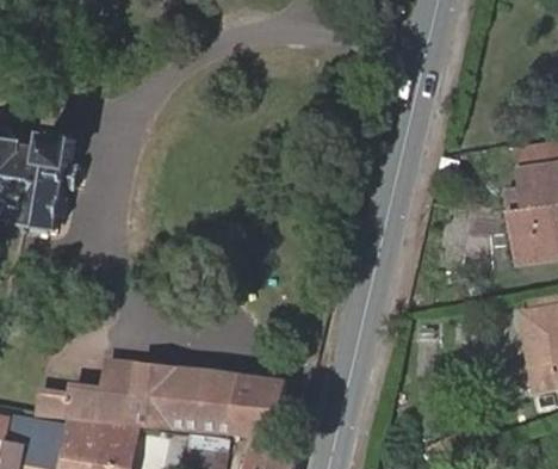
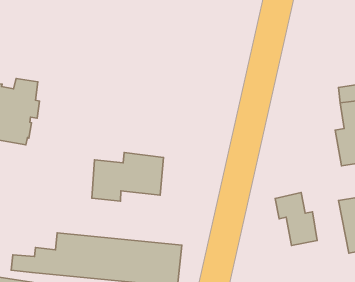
building: none -> [92,152,164,201]
building: none -> [275,192,317,245]

